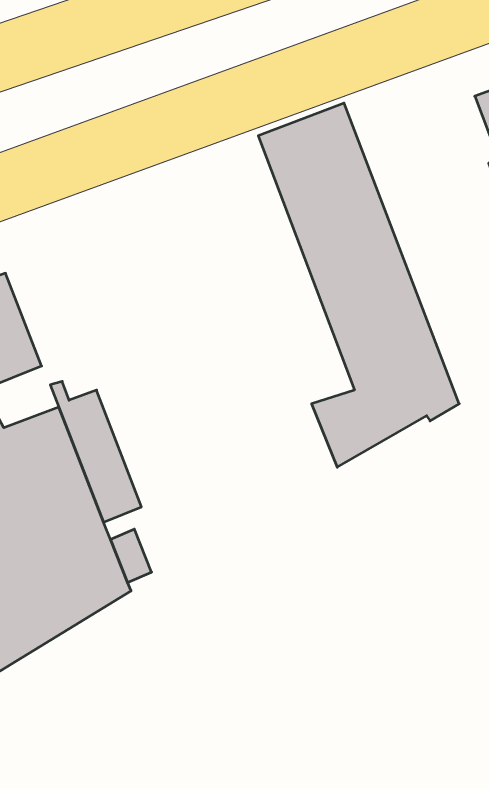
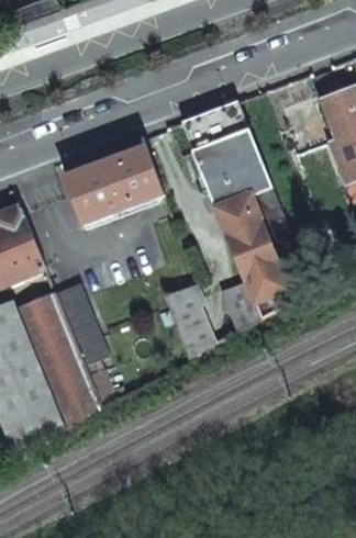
building: none -> [67,146,163,222]
building: none -> [165,281,214,358]

